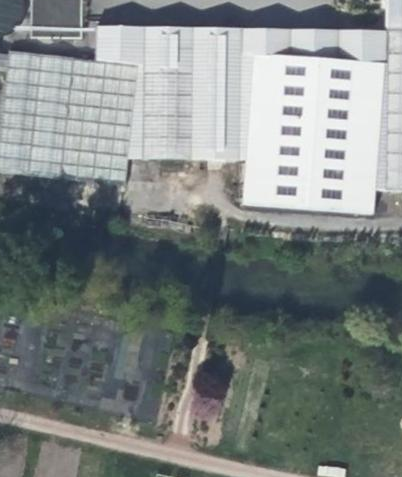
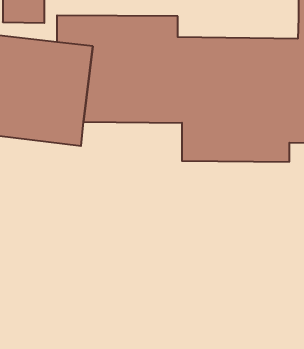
building: [237,31,382,58] -> none

